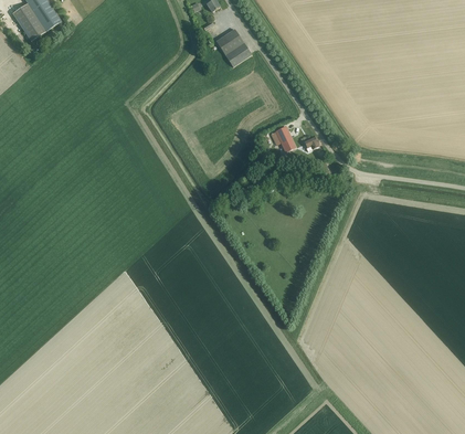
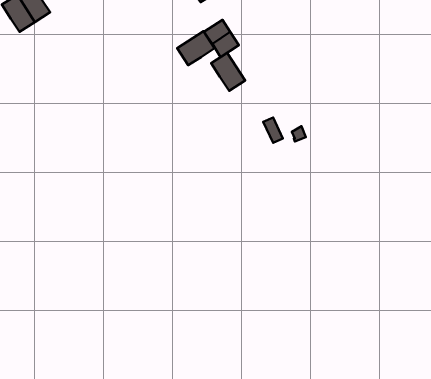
building: none -> [177,31,214,65]
building: none -> [211,53,245,91]

